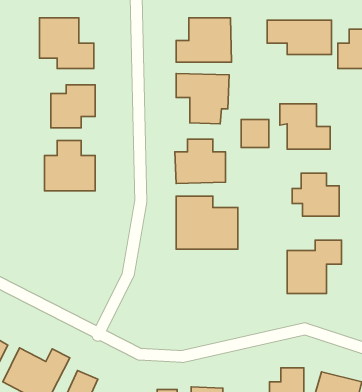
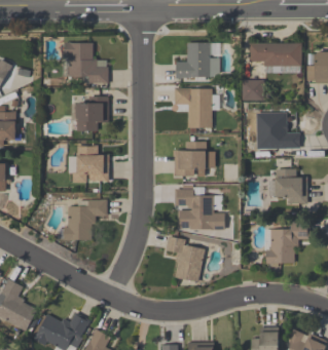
building: [241,120,269,147] -> [242,79,264,102]
building: none -> [66,199,107,239]
building: none -> [163,238,205,282]

